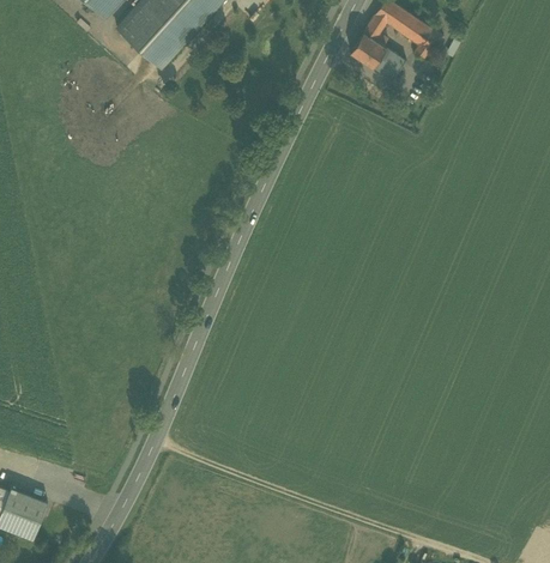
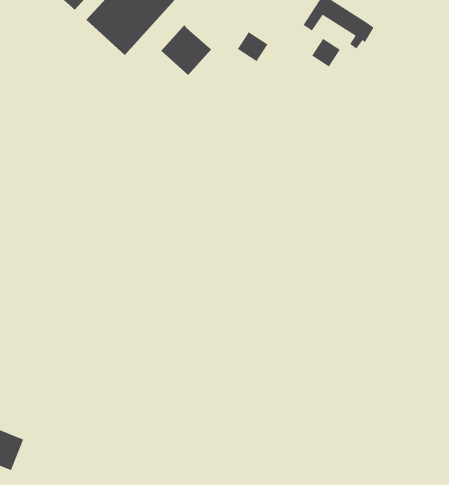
building: none -> [160,25,212,76]
building: [347,35,383,69] -> [237,31,269,62]

